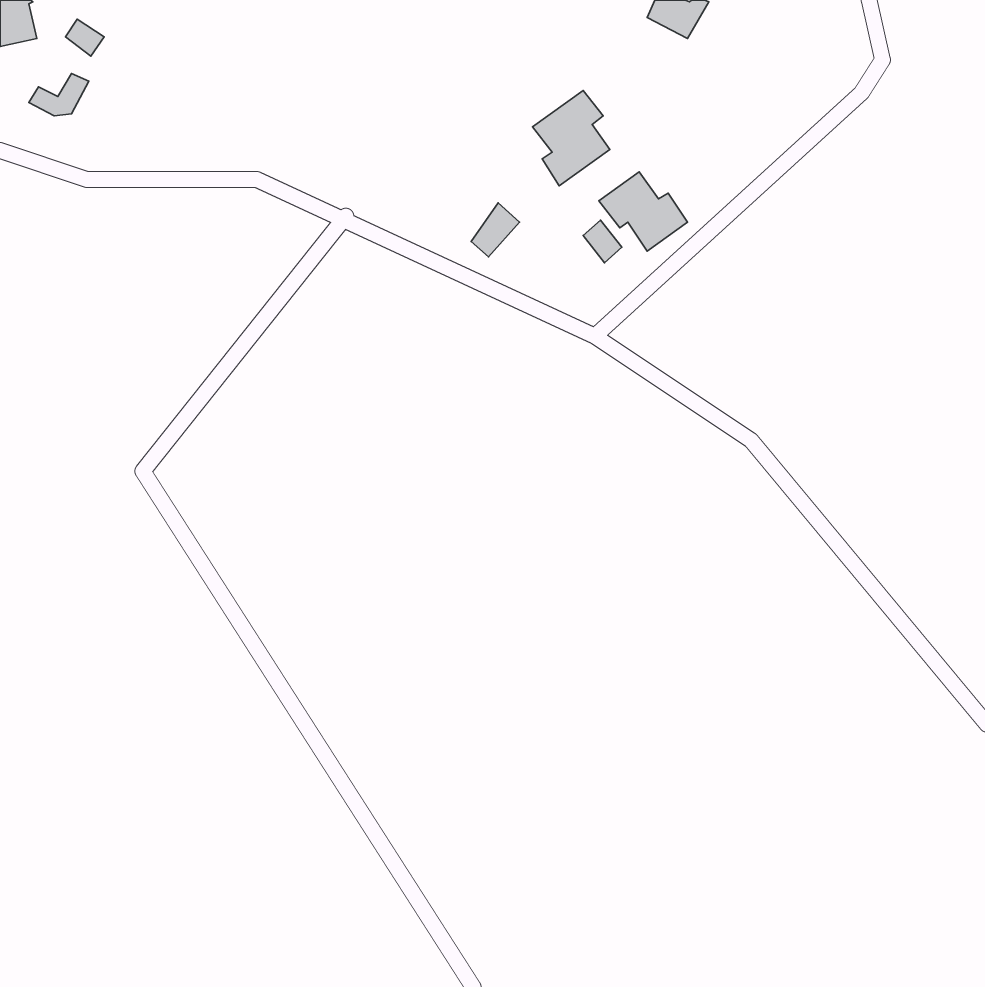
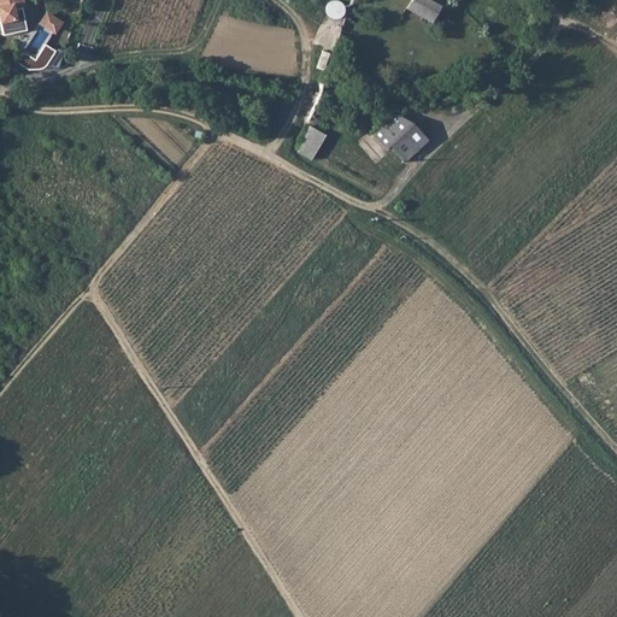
building: [532,90,610,186] -> none

